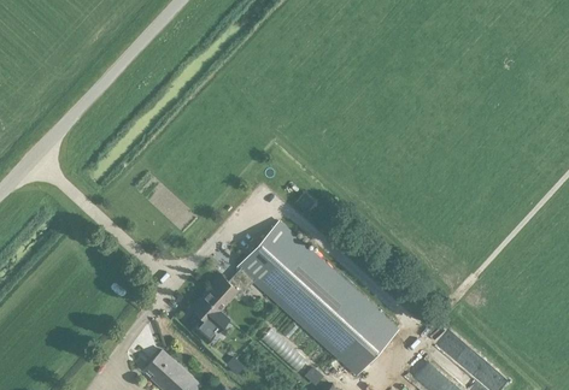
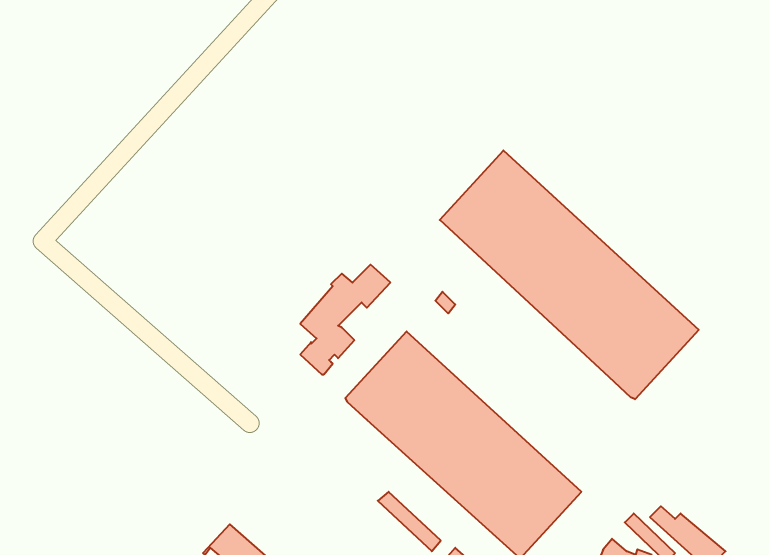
building: none -> [440,150,699,399]
building: [193,270,253,343] -> [300,265,390,374]

